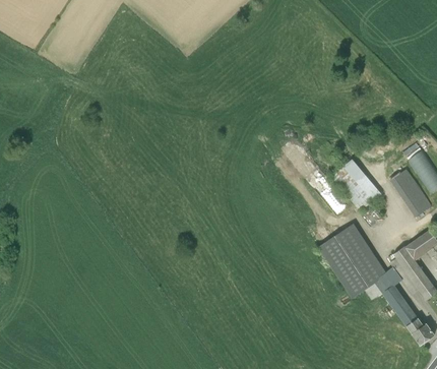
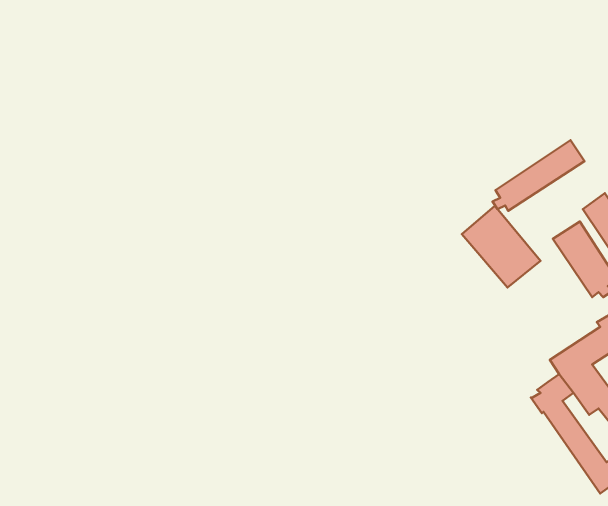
building: none -> [493,140,585,211]
building: [318,224,386,300] -> none

